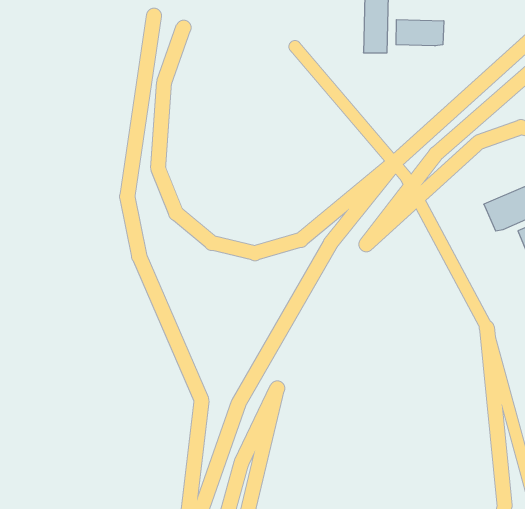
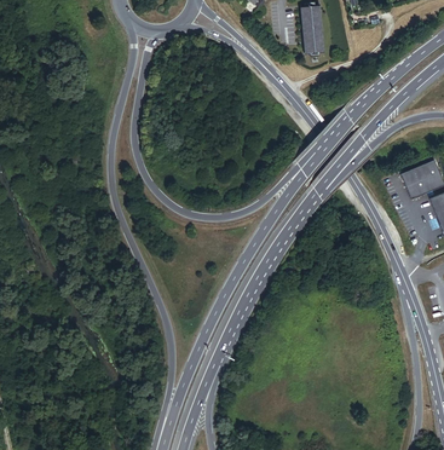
building: [396,20,444,46] -> none

